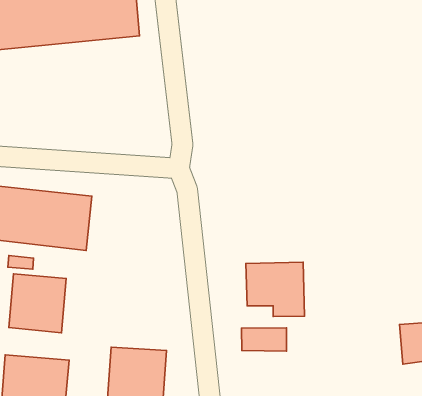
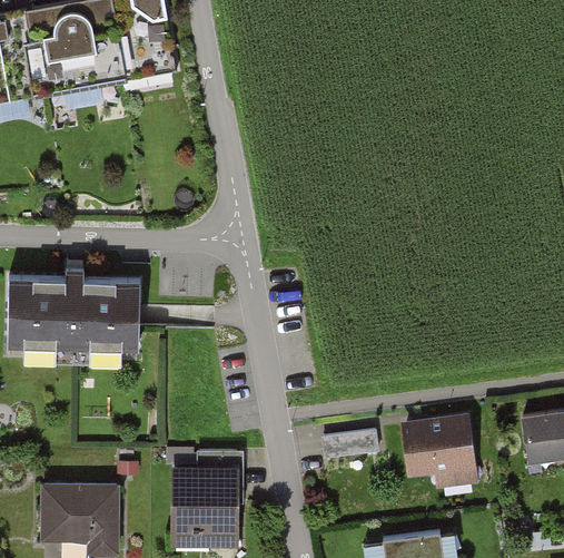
building: [246,262,305,317] -> [399,417,477,487]
building: [9,274,66,333] -> none

